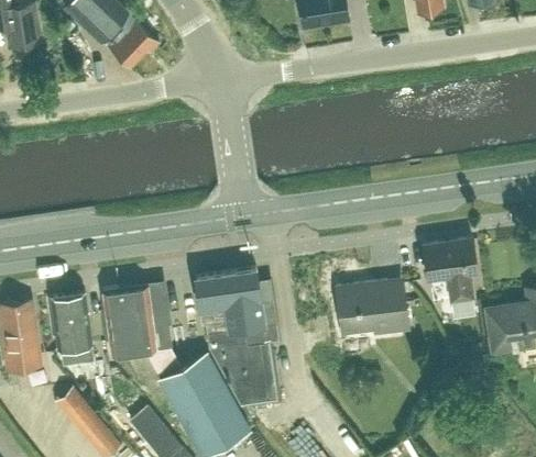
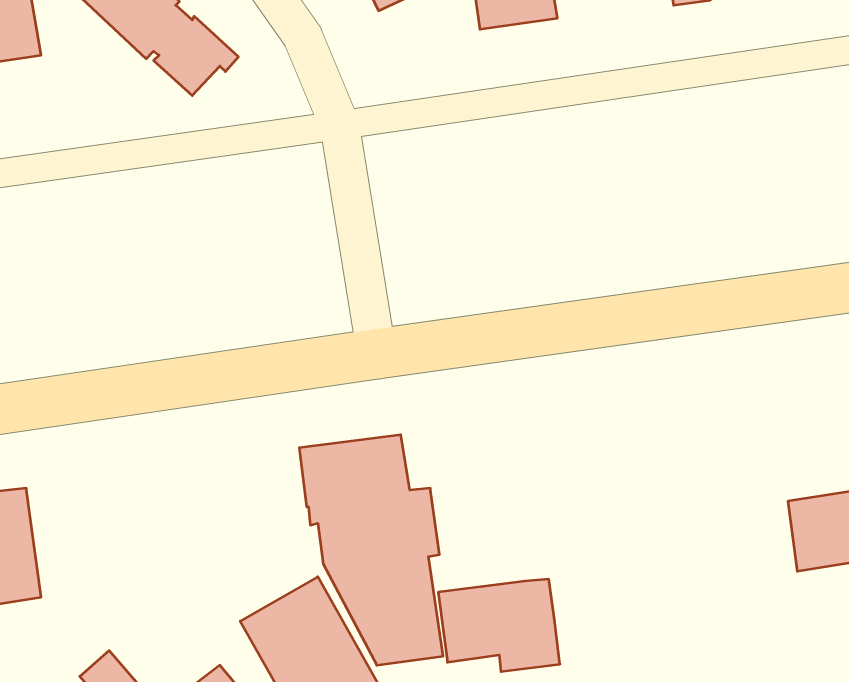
building: [422,238,477,302] -> none
building: [336,280,408,335] -> [438,579,560,672]
building: [102,287,169,359] -> none
building: [51,294,91,365] -> none

